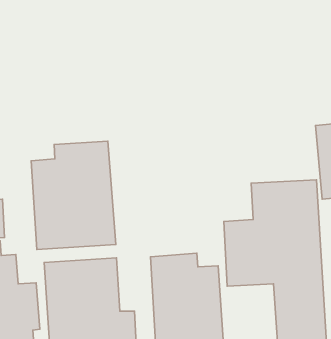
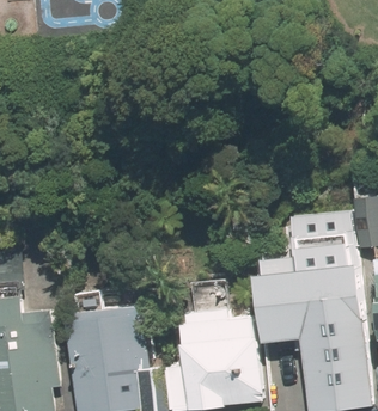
building: [31,141,116,250] -> none

